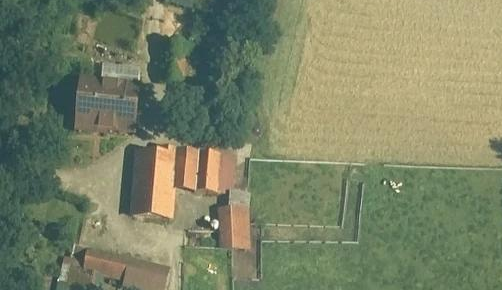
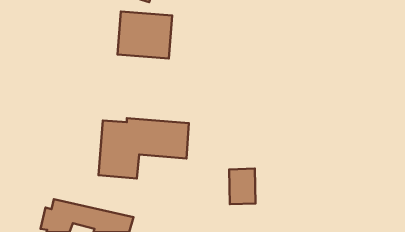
building: [73,74,139,131] -> [118,11,172,59]
building: [217,204,249,247] -> [229,169,256,204]

